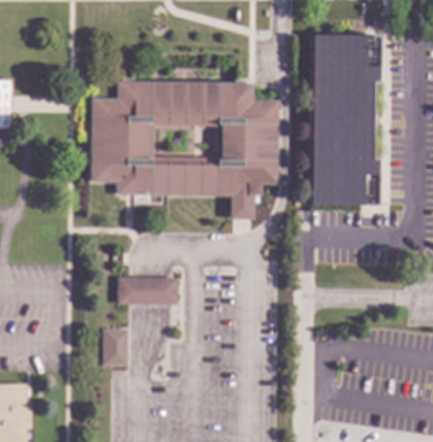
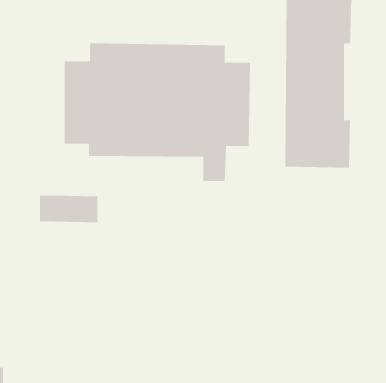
building: [119,275,178,303] -> [39,195,98,223]
building: [104,327,129,365] -> none

